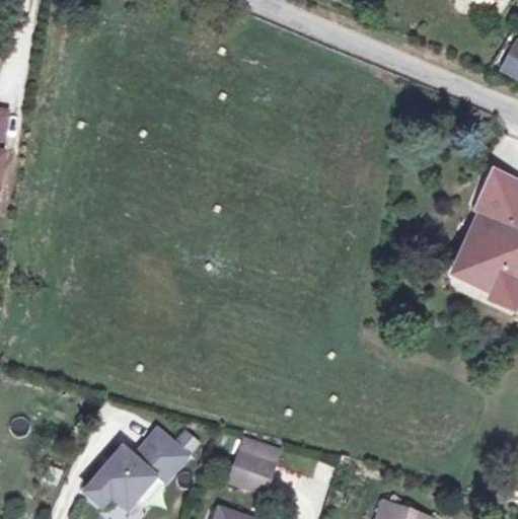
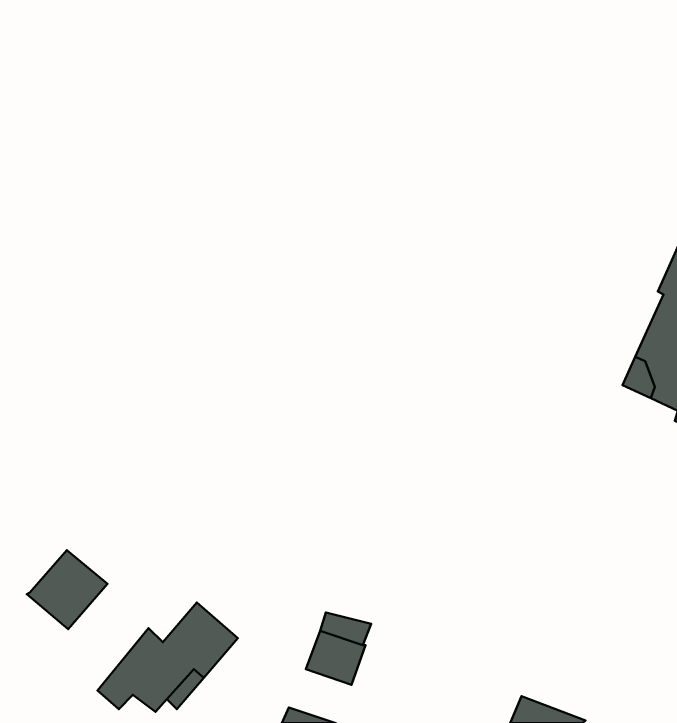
building: none -> [27,550,107,629]

